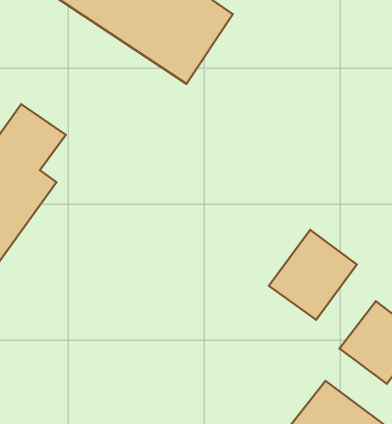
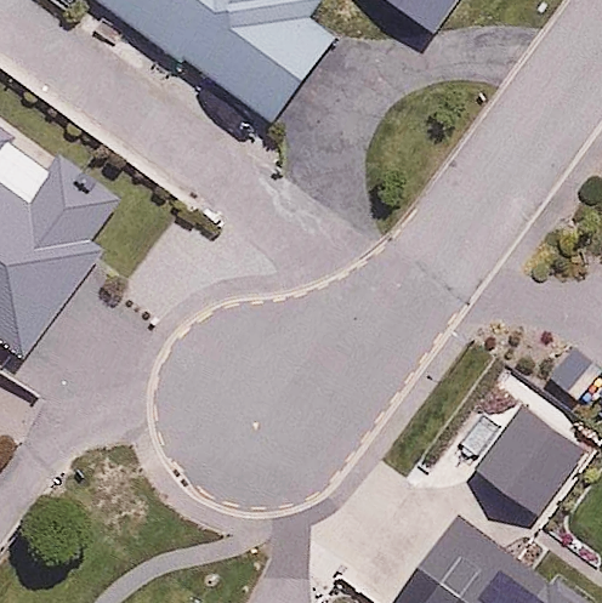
building: [269,230,357,320] -> none

